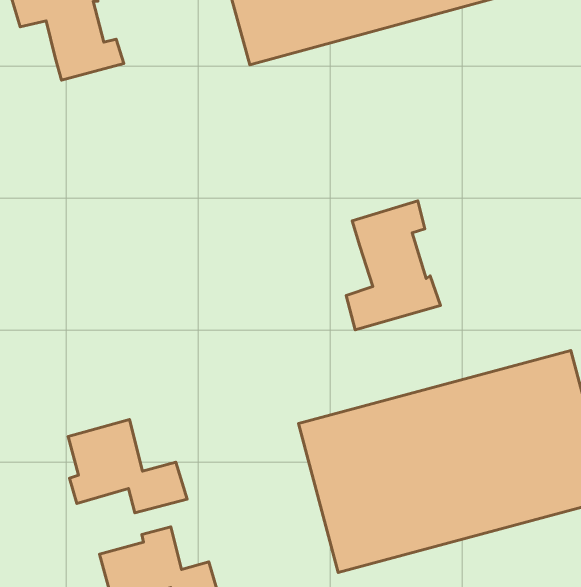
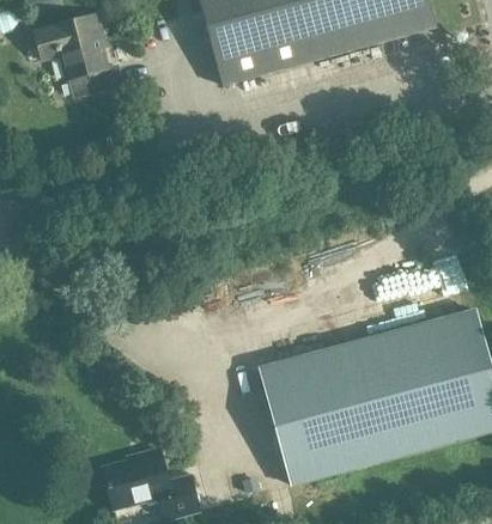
building: [346,201,441,330] -> none
building: [68,420,187,513] -> none

